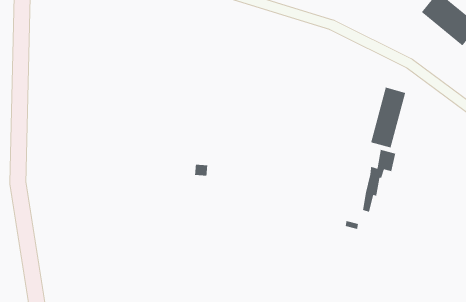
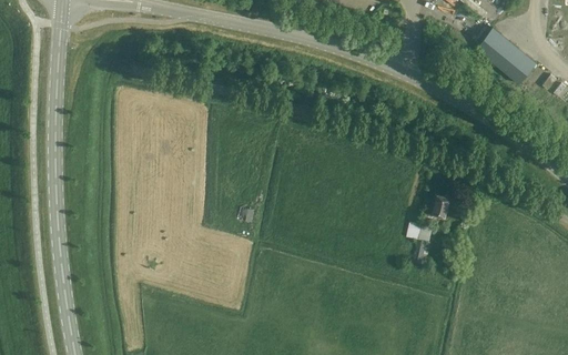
building: [370,86,406,149] -> none

